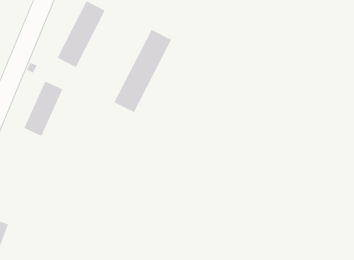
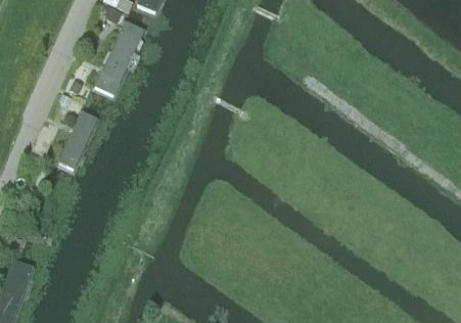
building: [114,29,172,113] -> none

